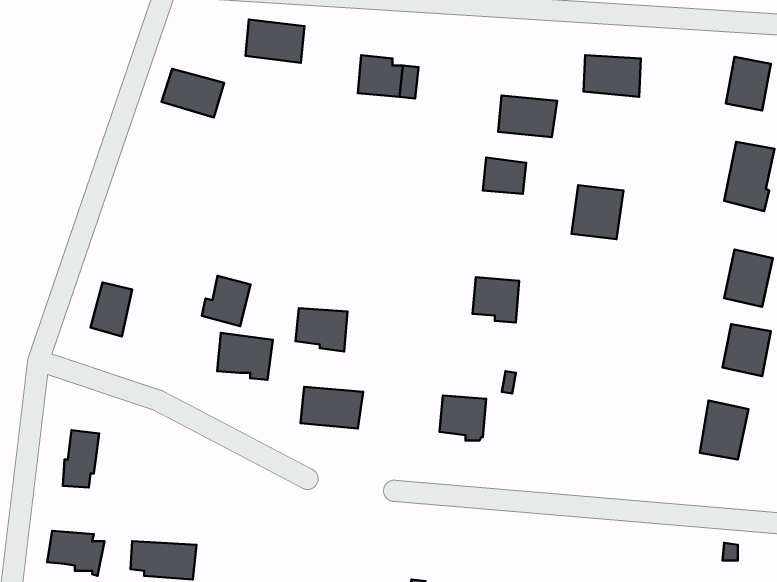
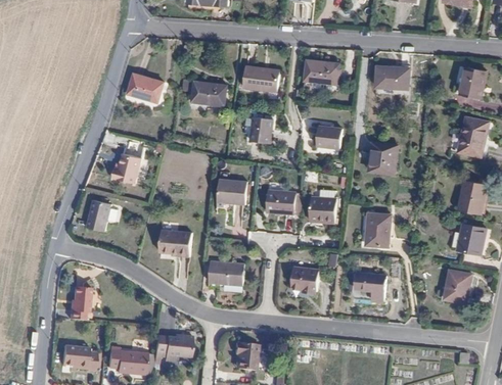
building: [245,19,304,63] -> [191,81,226,106]
building: [498,96,557,137] -> [305,59,339,84]
building: none -> [252,117,272,142]
building: none -> [267,190,295,213]
building: [202,276,251,326] -> [111,153,140,183]
building: none -> [367,212,391,246]
building: [296,308,348,352] -> [217,179,247,204]
building: none -> [356,273,386,301]
building: none -> [153,335,191,360]
building: none -> [234,342,257,369]

